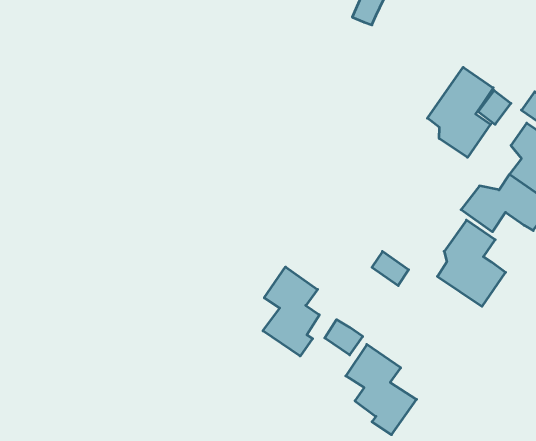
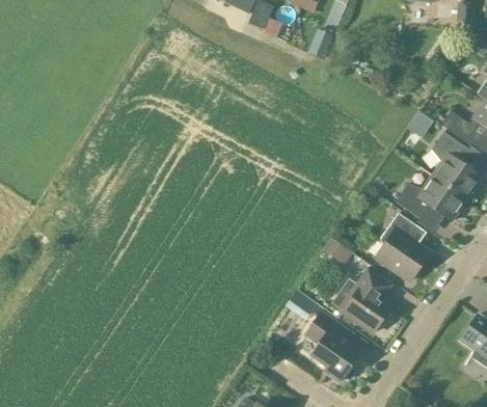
building: [427,67,493,157] -> none
building: [263,267,319,356] -> none
building: none -> [332,268,391,332]

